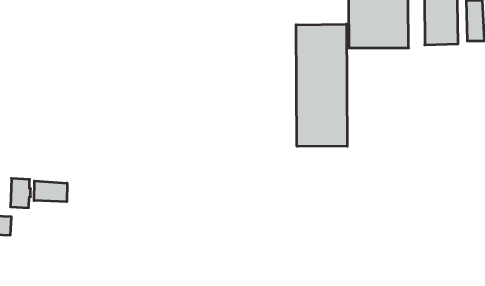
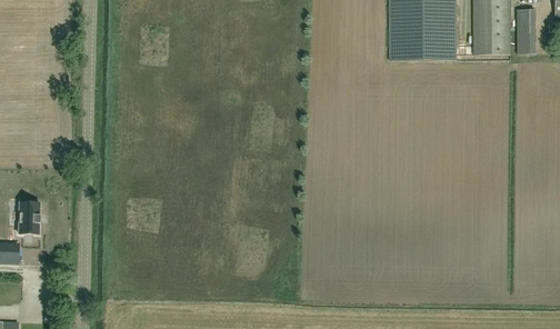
building: [296,24,347,146] -> none
building: [34,181,67,202] -> none

